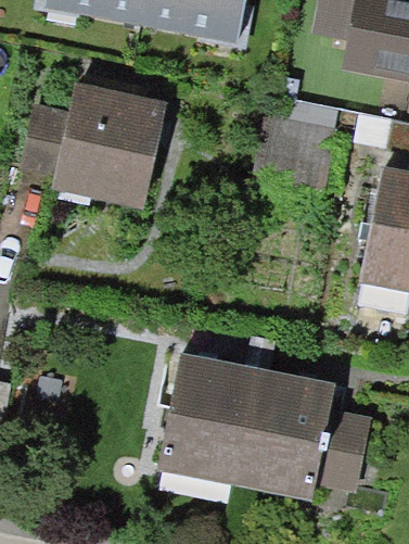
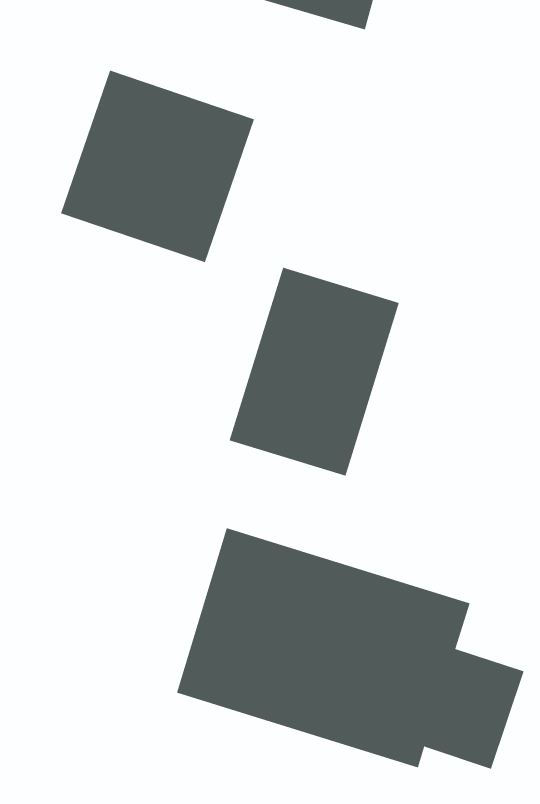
building: none -> [229,267,400,476]

